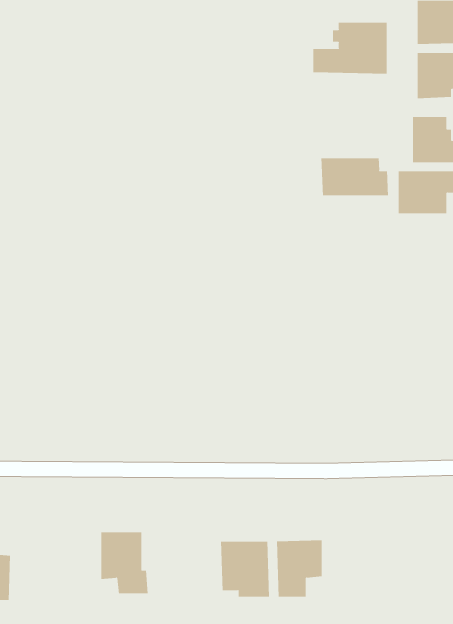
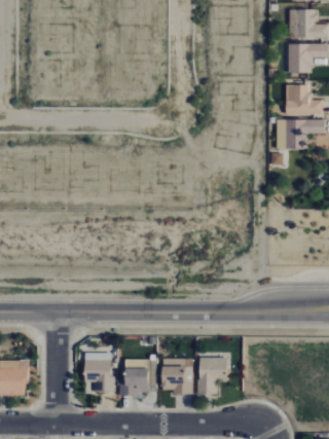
building: [313,22,387,75] -> none
building: [321,158,388,196] -> none
building: none -> [120,359,149,395]

